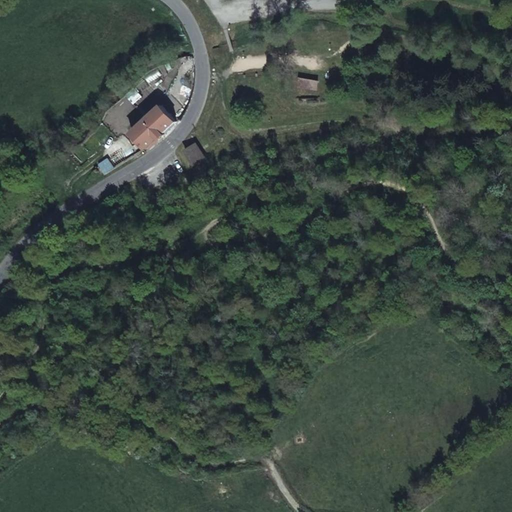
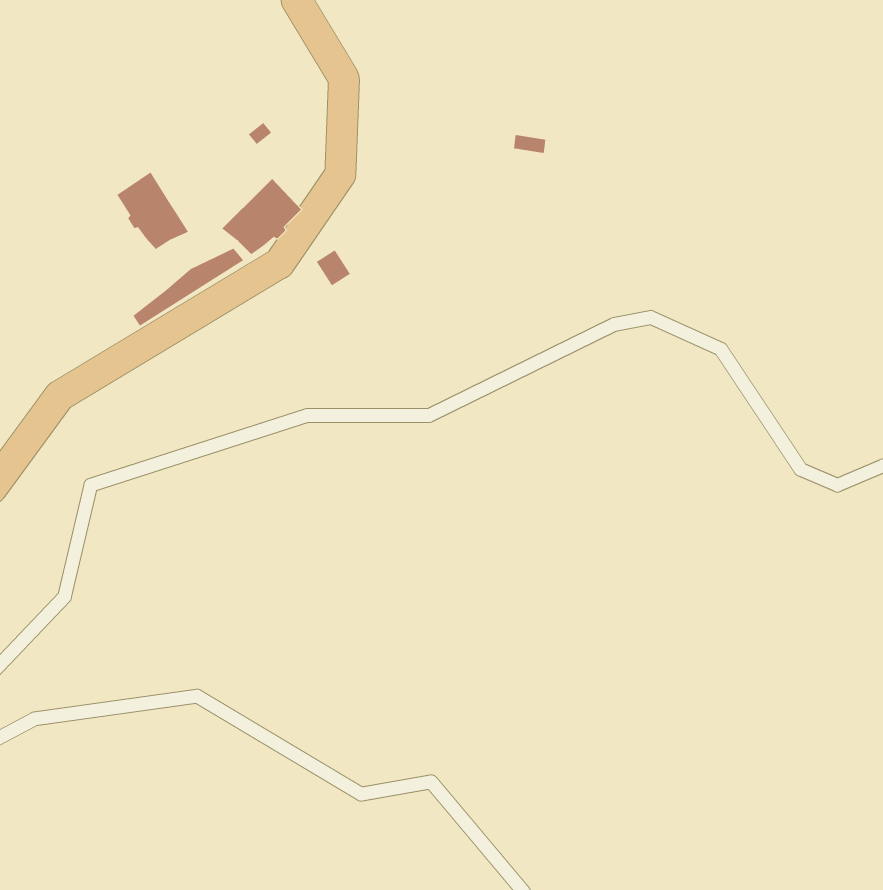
building: none -> [117,172,189,250]

